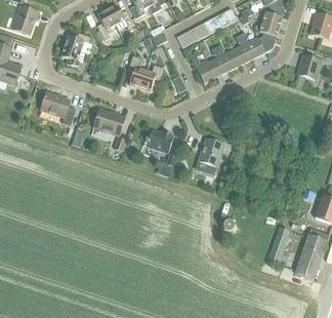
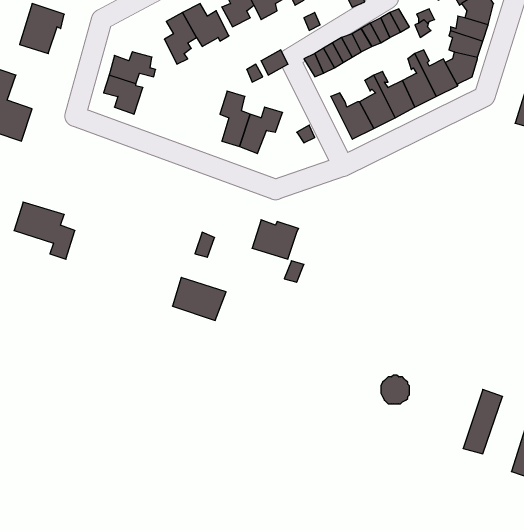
building: [40,91,75,124] -> [14,202,75,259]
building: [93,109,124,133] -> [172,277,226,320]
building: [198,136,224,172] -> none

